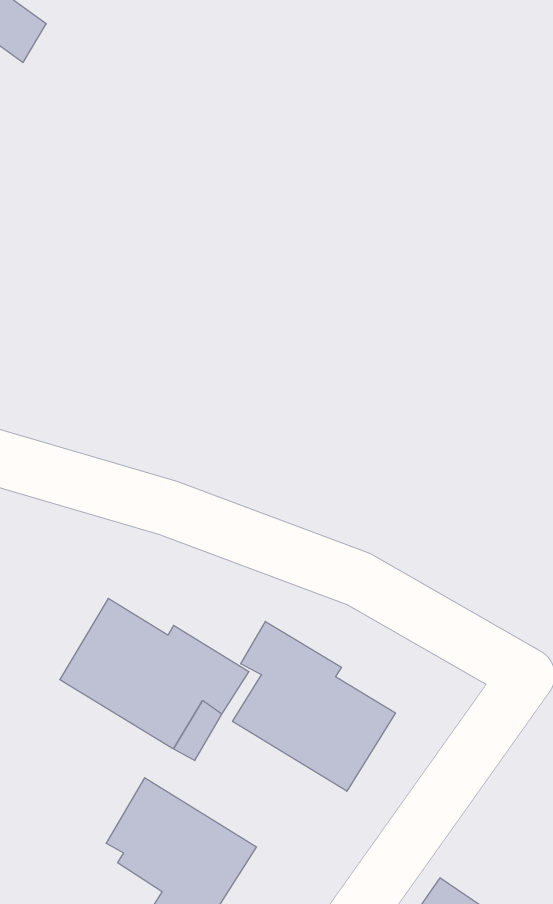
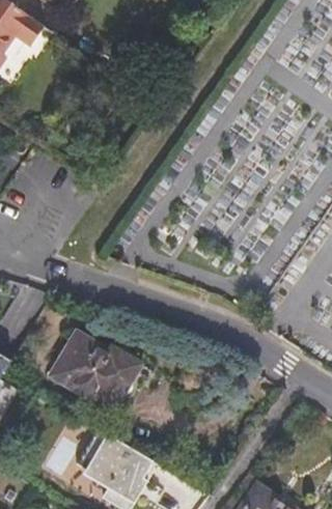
building: [233,621,396,791] -> none

